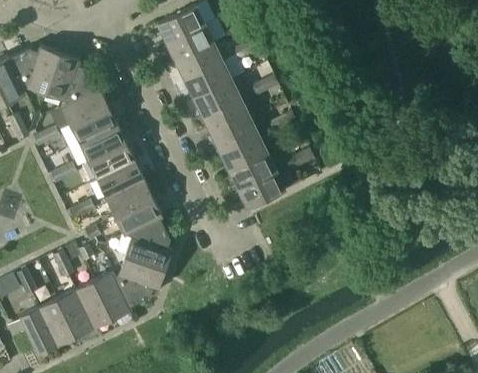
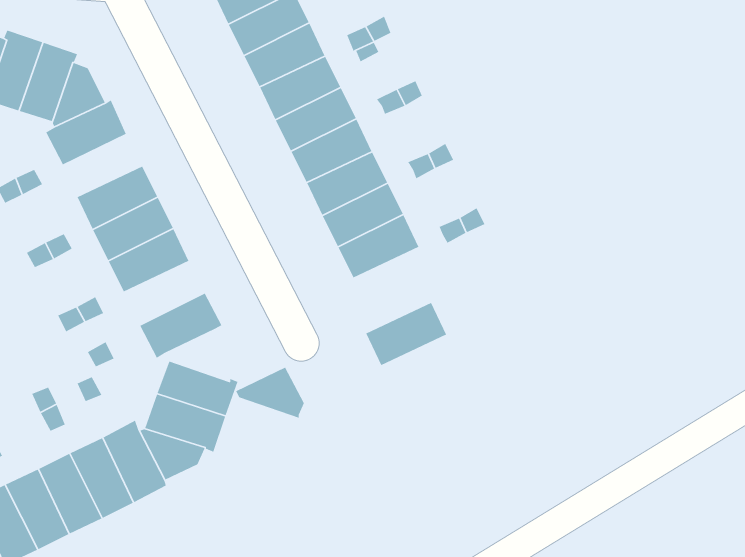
building: [71,107,117,143] -> none
building: [238,172,285,209] -> [365,302,447,366]
building: [106,180,153,217] -> none
building: [130,219,170,249] -> [235,366,305,419]

